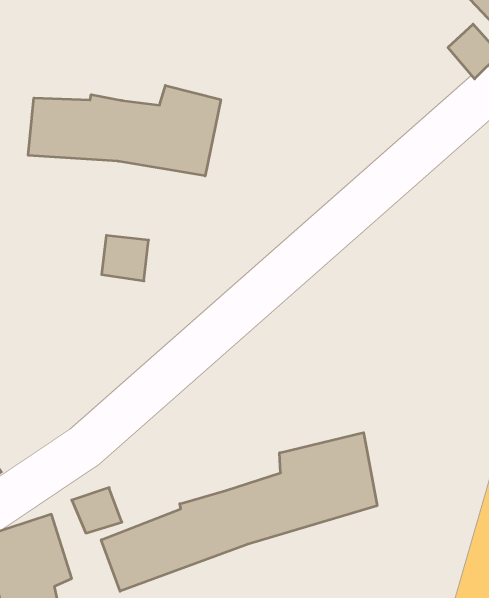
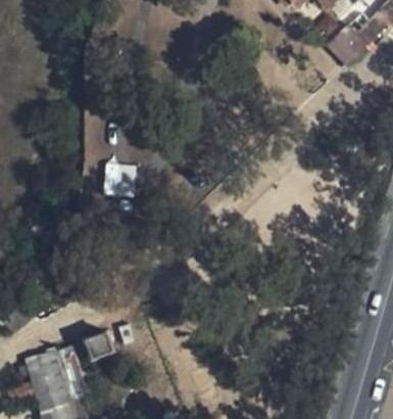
building: [28,85,221,176] -> none
building: [101,433,377,591] -> none

